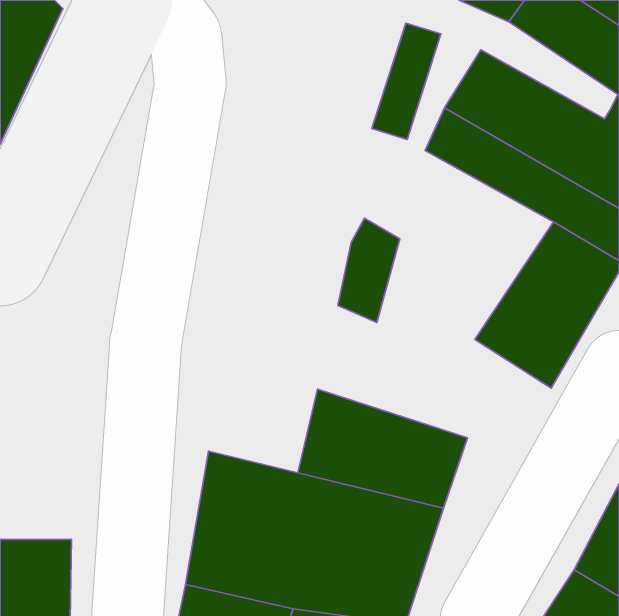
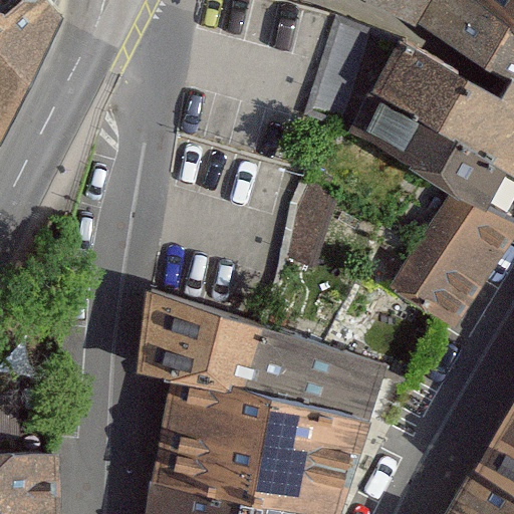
building: none -> [143,293,263,395]

